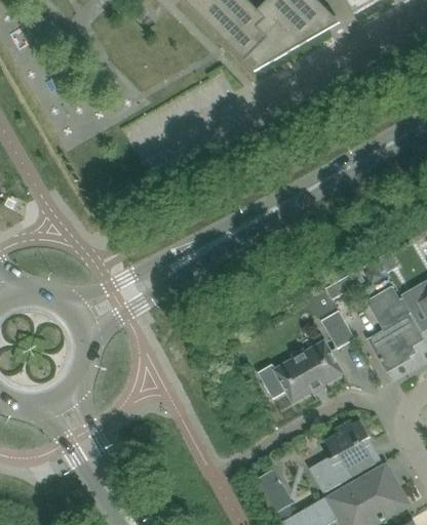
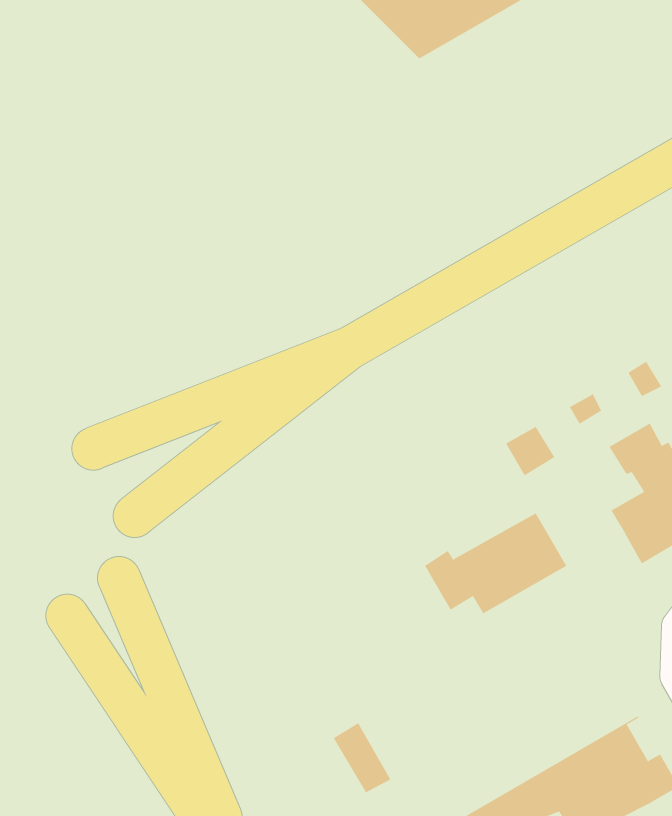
building: [321,310,355,349] -> none
building: [313,419,376,492] -> none
building: [258,469,293,511] -> [333,722,391,793]

